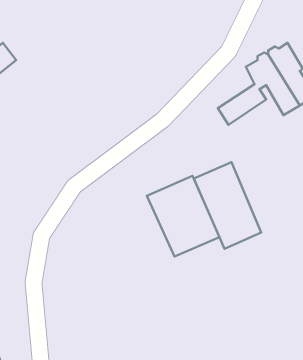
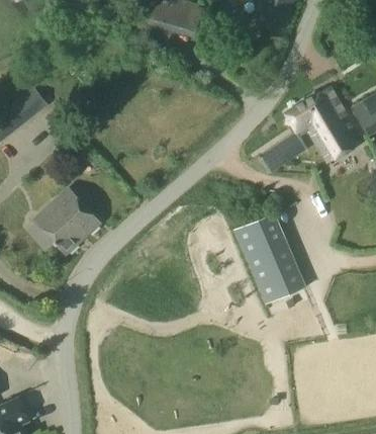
building: none -> [35,188,100,253]
building: [147,176,219,256] -> none

